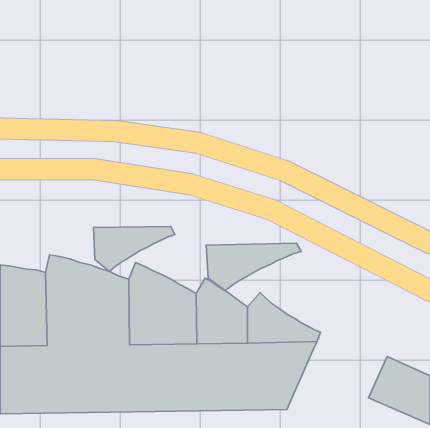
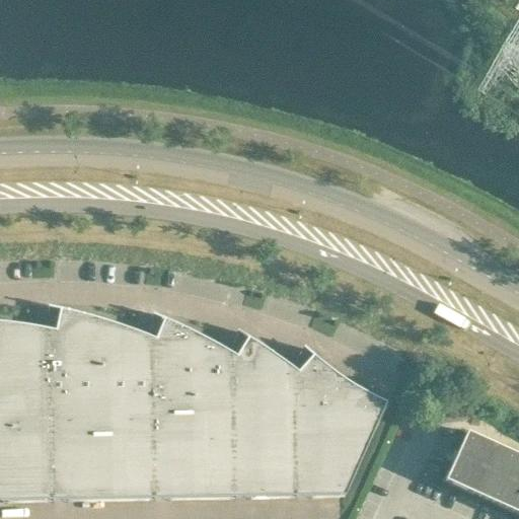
building: [94,227,175,272] -> none
building: [206,243,301,291] -> none

